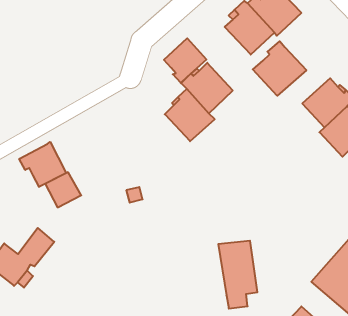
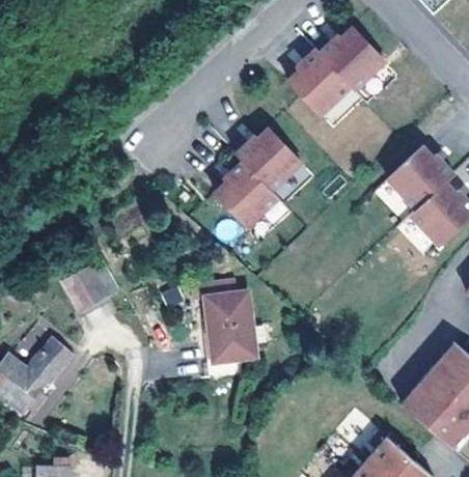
building: [164,38,206,83] -> none
building: [253,41,306,96] -> none
building: [19,142,66,187] -> none
building: [218,241,257,309] -> [204,290,254,376]

